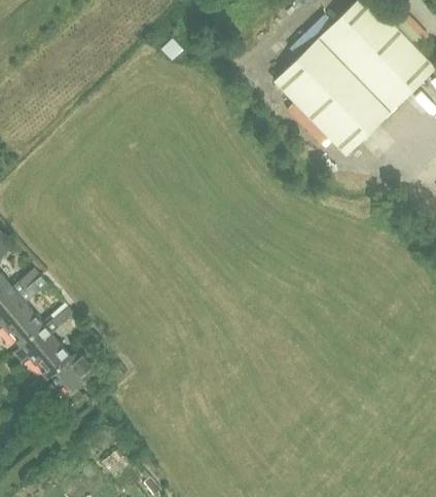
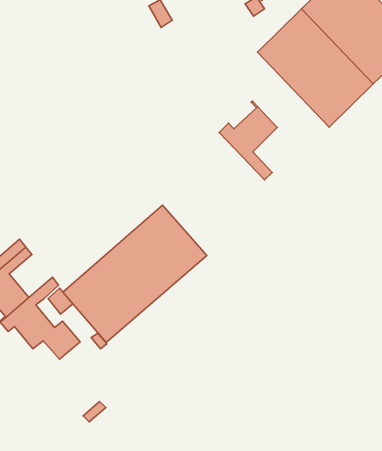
building: none -> [219,101,277,180]
building: none -> [63,205,207,343]

